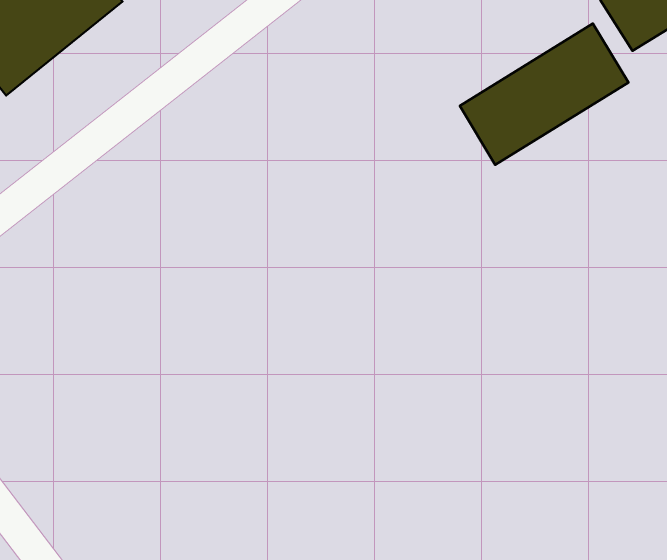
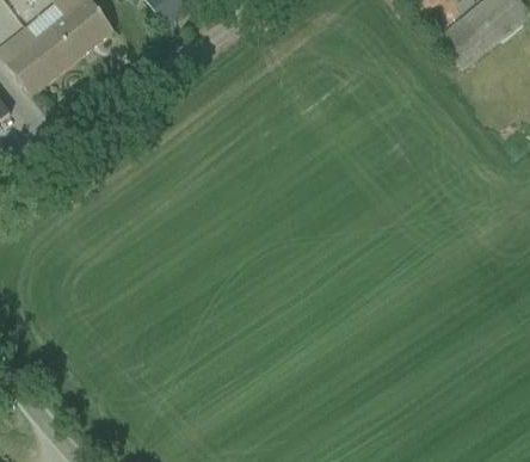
building: [460,23,628,165] -> none

